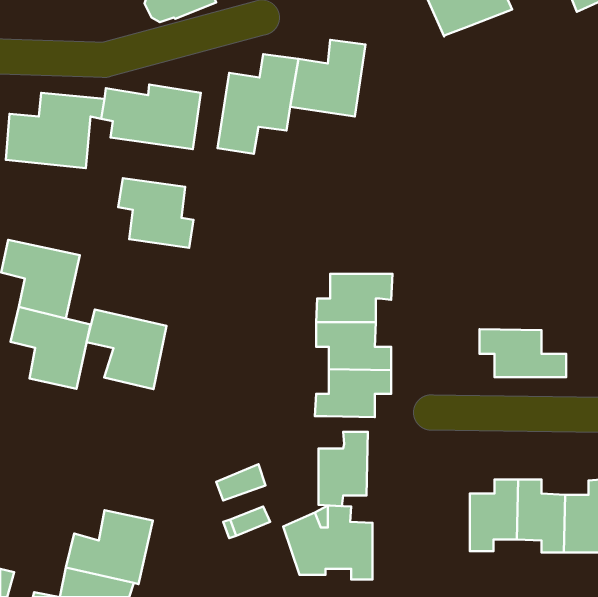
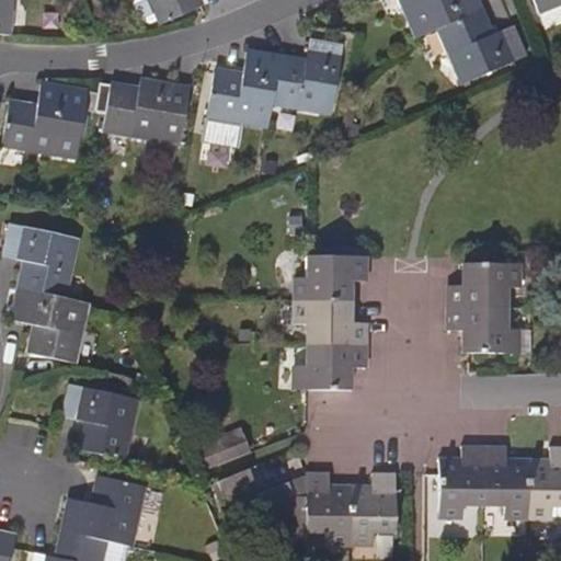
building: none -> [437,9,523,81]
building: [118,178,194,248] -> none
building: none -> [449,263,518,308]
building: [87,309,166,389] -> [61,385,136,459]
building: [318,432,368,506] -> [350,472,396,541]

